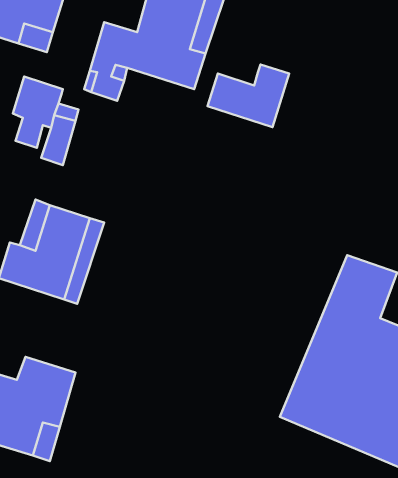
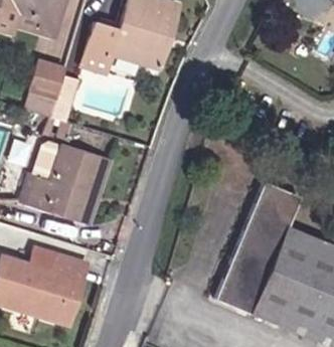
building: [207,64,289,127] -> none

